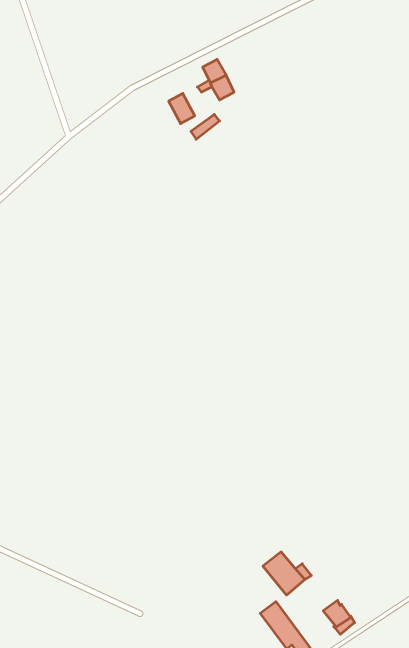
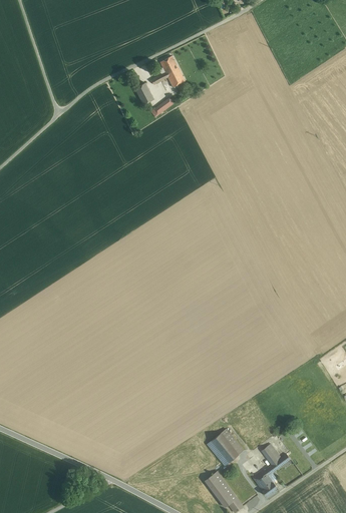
building: none -> [262,444,290,474]

